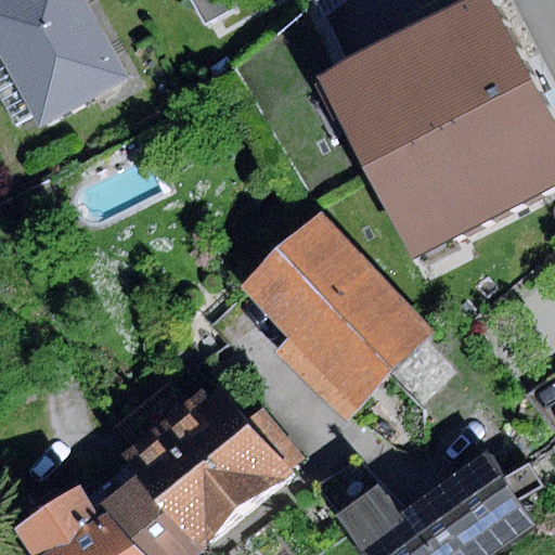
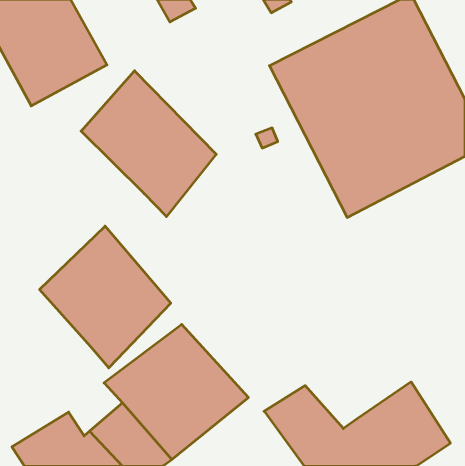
building: none -> [81,71,216,217]
building: [241,210,439,424] -> none
building: none -> [40,226,171,368]

